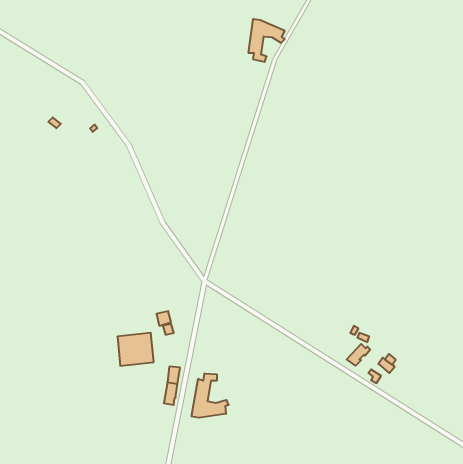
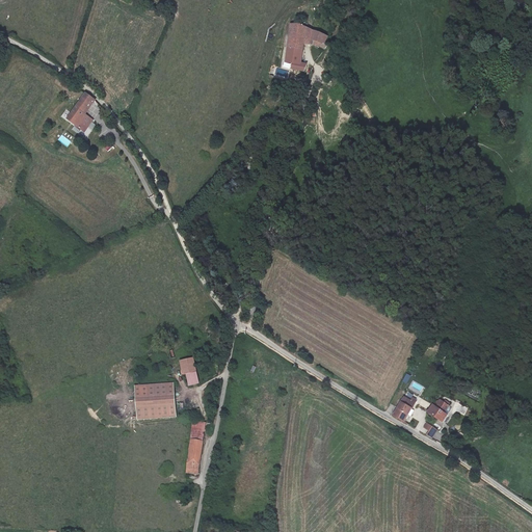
building: none -> [65,94,92,131]
building: [192,373,229,418] -> none

